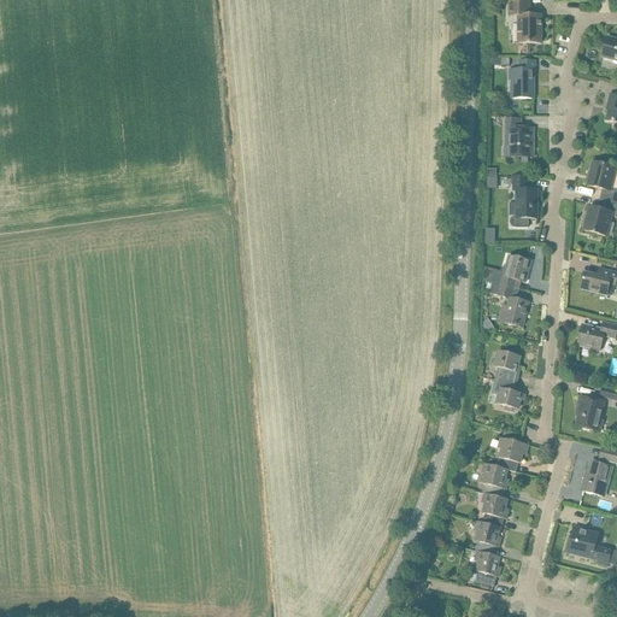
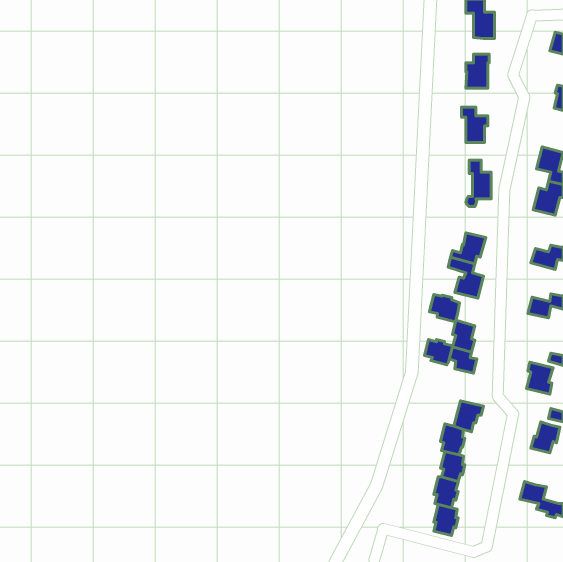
building: none -> [429,294,459,322]
building: none -> [424,339,453,365]

